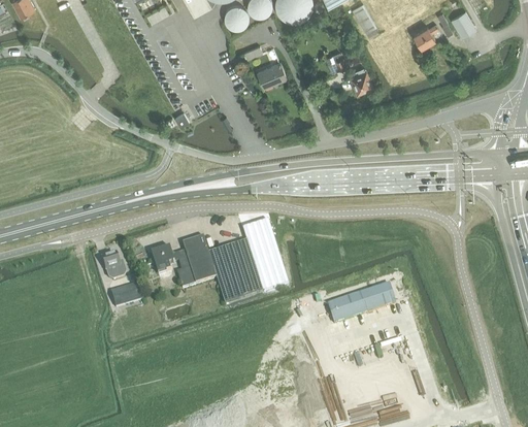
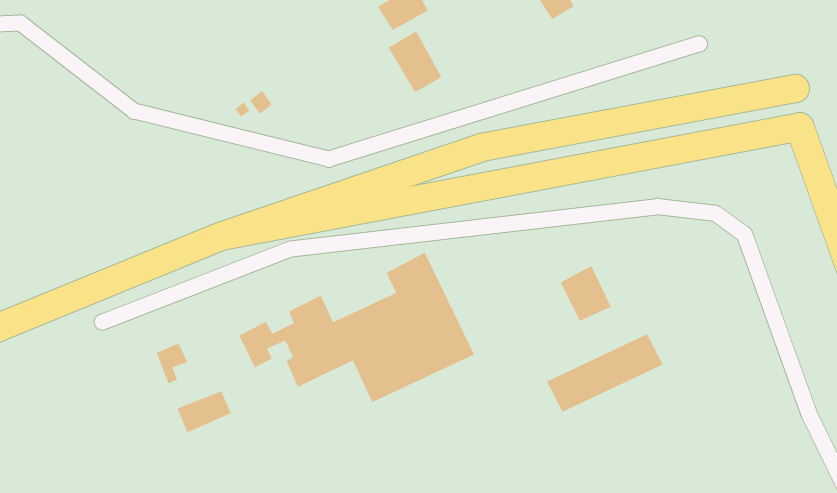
building: none -> [387,30,443,93]
building: none -> [559,265,612,322]

